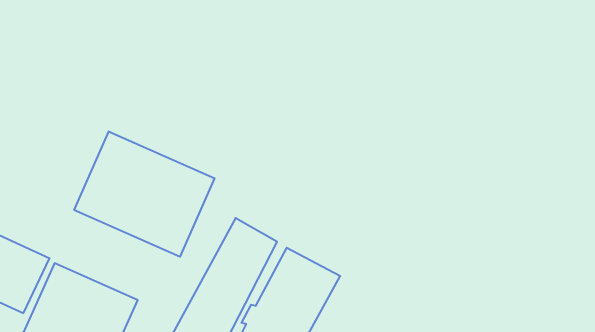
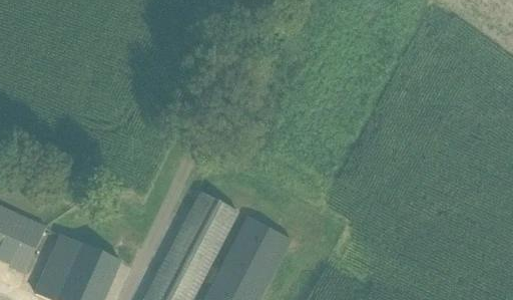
building: [74,131,214,257] -> none

